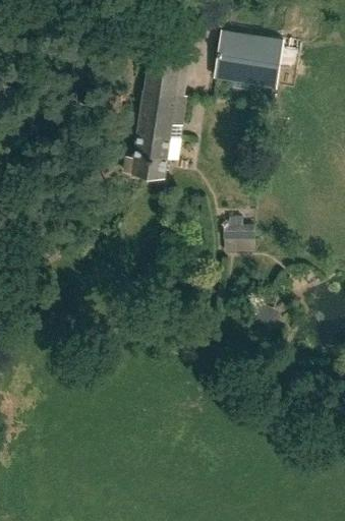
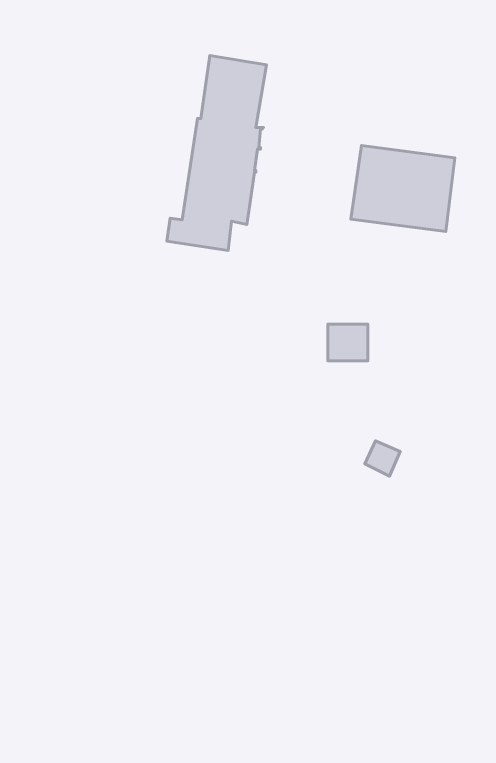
building: [214,31,283,88] -> [351,145,455,231]

